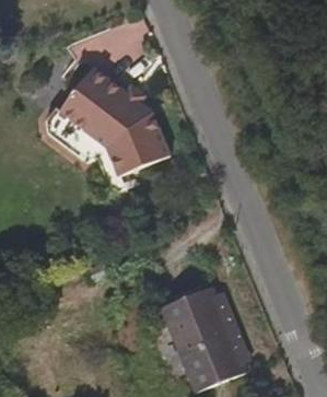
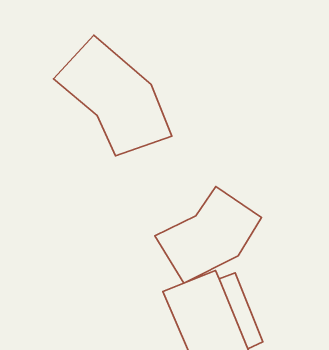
building: none -> [155,187,261,283]

